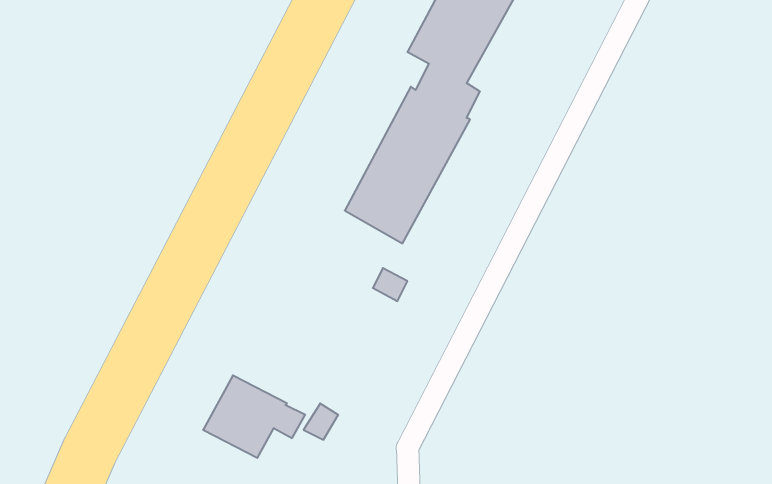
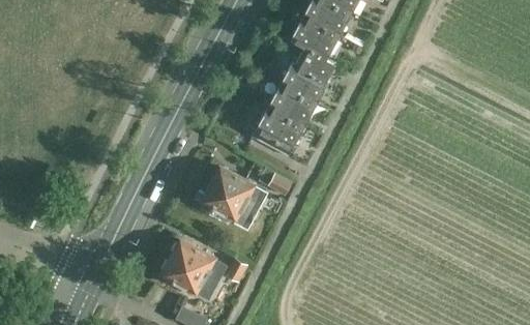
building: none -> [202,167,267,219]

